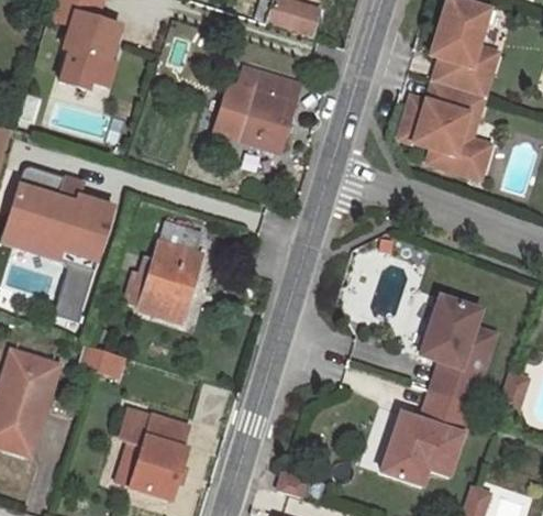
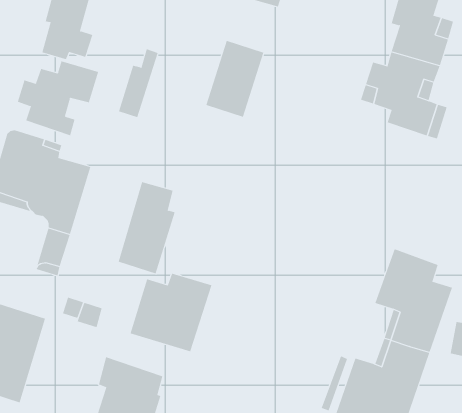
building: [213,66,256,140] -> [118,49,158,118]
building: none -> [17,60,99,136]
building: none -> [130,273,212,352]

